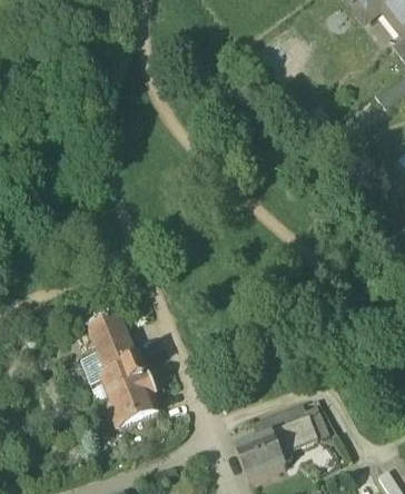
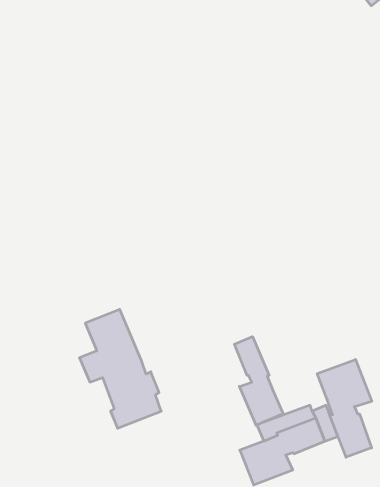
building: none -> [234,337,283,425]
building: none -> [317,359,372,457]

